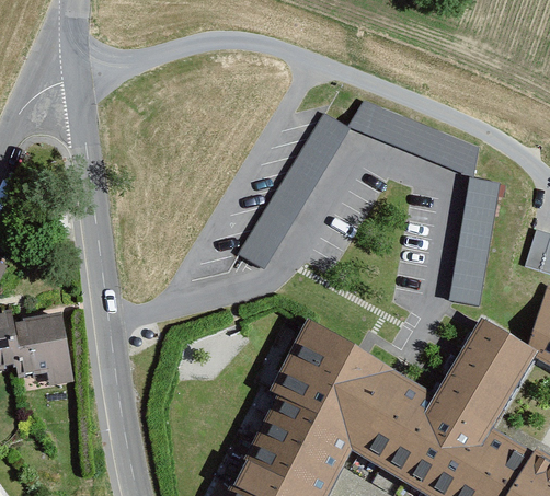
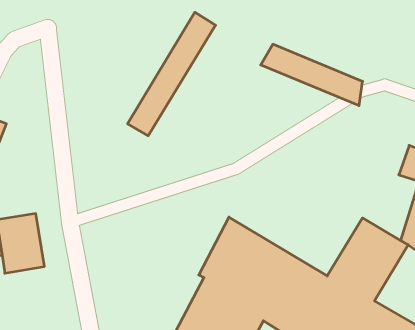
building: [237,114,348,270] -> [128,12,216,136]
building: [449,180,500,307] -> none

